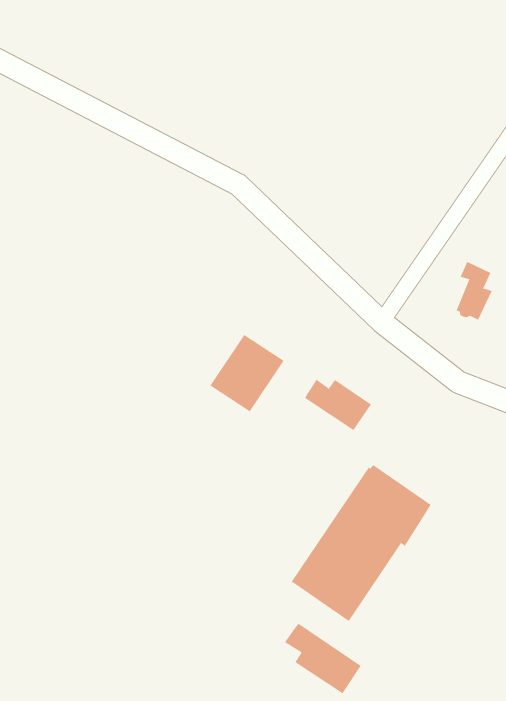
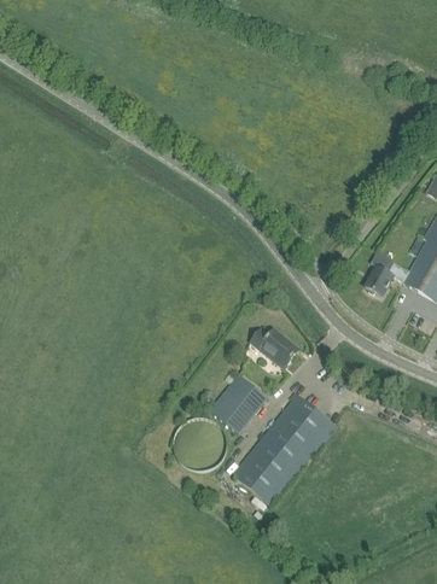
building: [210,334,284,412] -> [211,375,267,432]
building: [284,623,362,694] -> none

